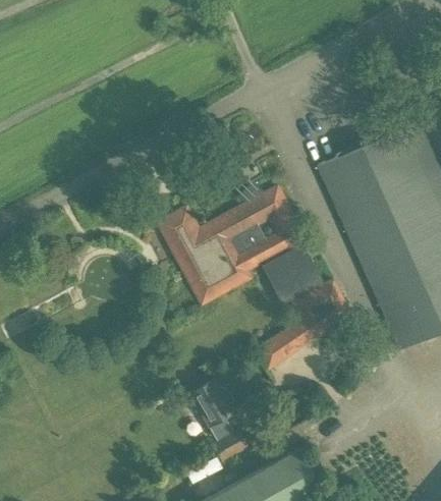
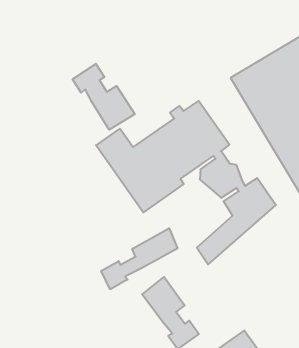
building: none -> [73,64,135,130]
building: none -> [101,228,177,289]

